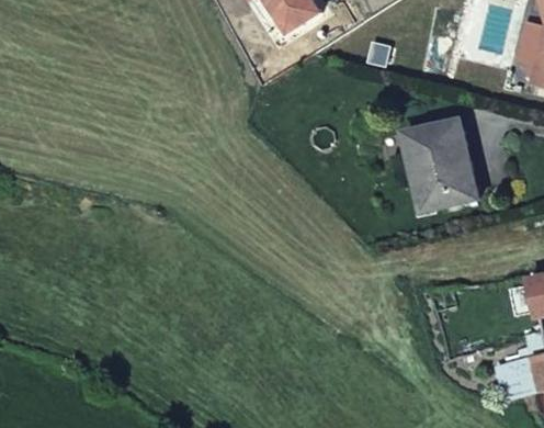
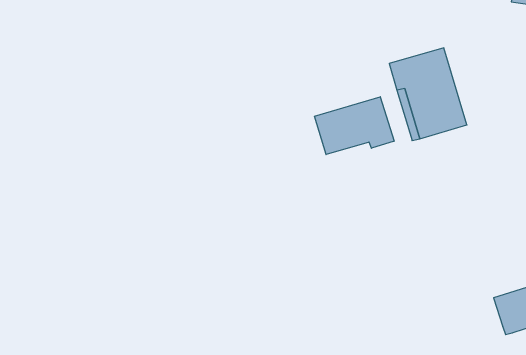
building: none -> [314,97,394,155]

